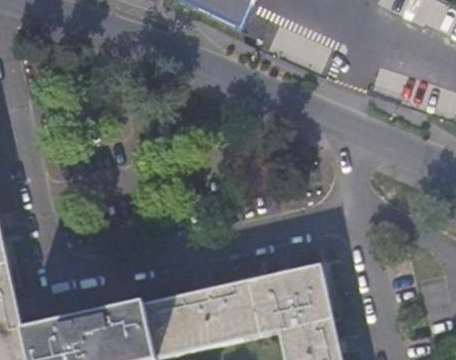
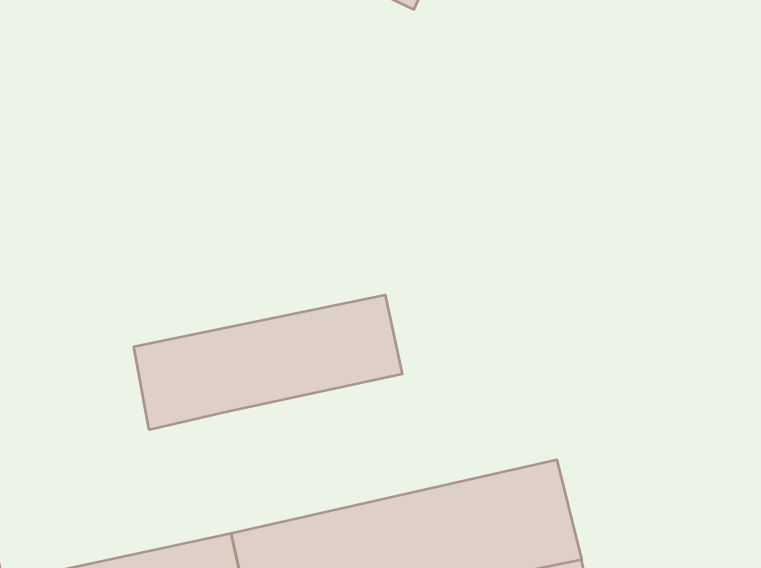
building: none -> [134,295,402,430]

